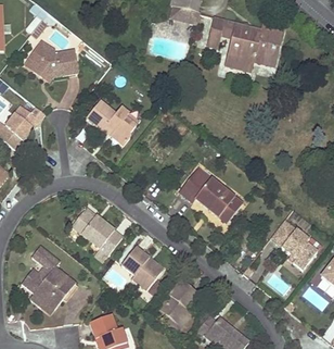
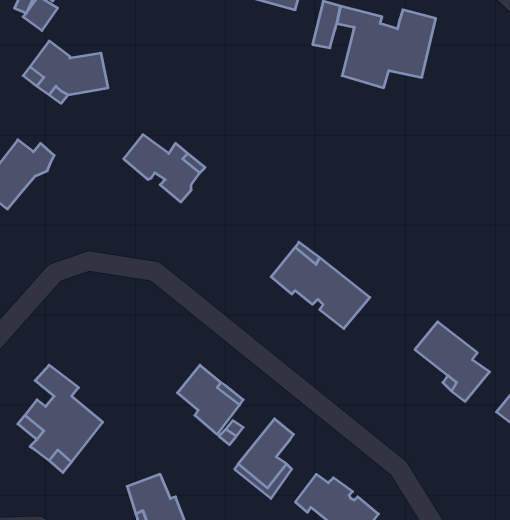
building: [72,207,121,253] -> none

